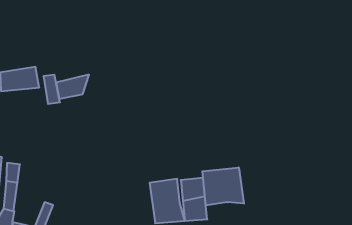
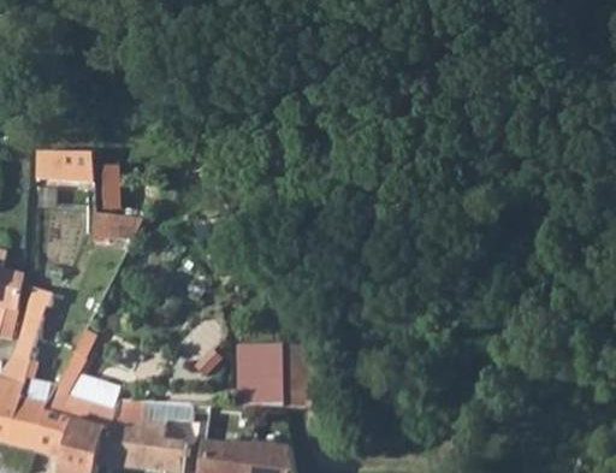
building: [56,75,89,99] -> [94,213,144,243]
building: [202,167,244,205] -> none

